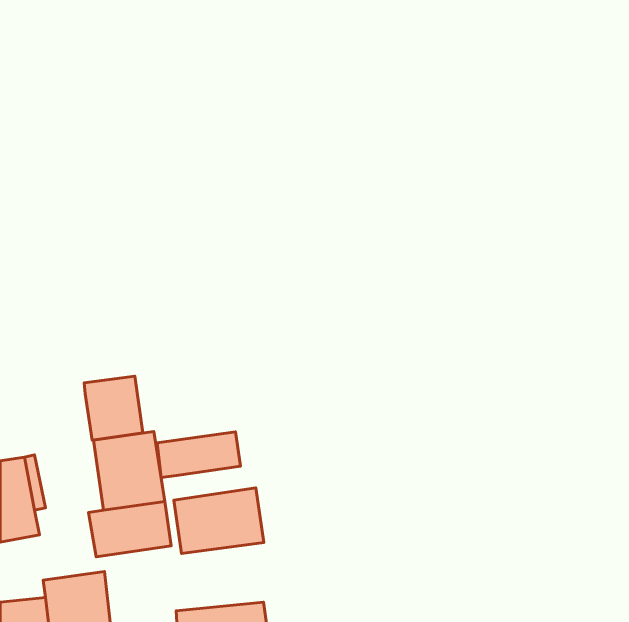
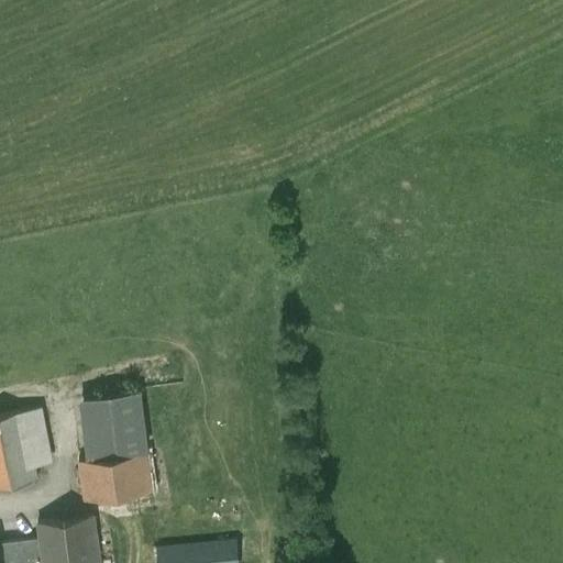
building: [84,376,143,440] -> none
building: [157,432,241,477] -> none
building: [174,488,264,553] -> none

